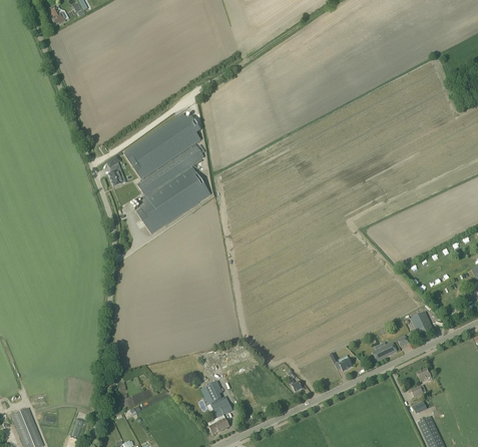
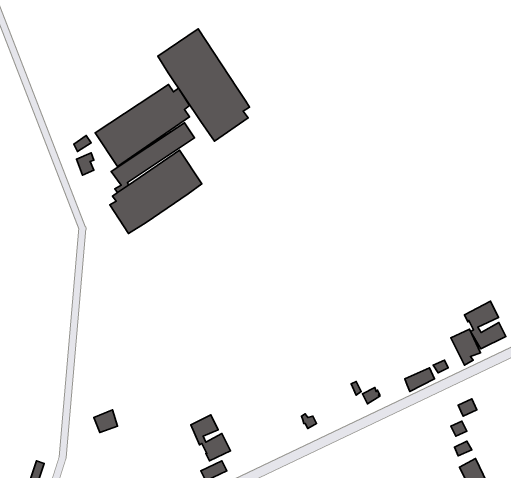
building: none -> [158,29,250,141]
building: none -> [464,301,506,349]

